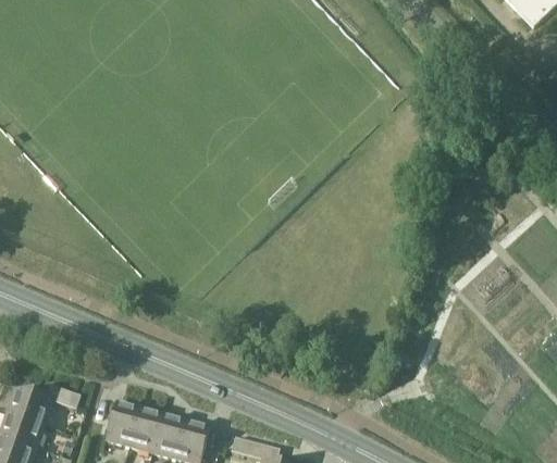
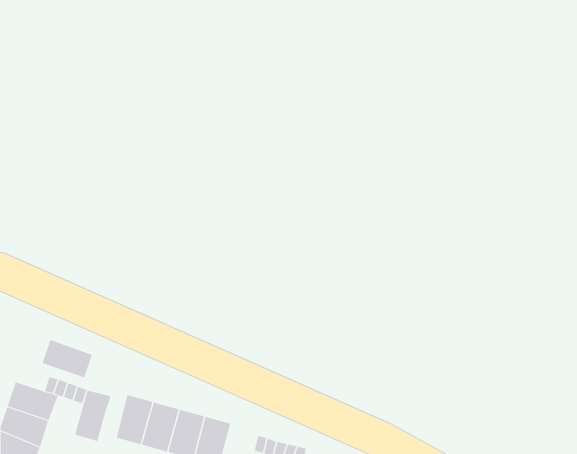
building: none -> [42,339,92,378]
building: none -> [75,390,111,442]

